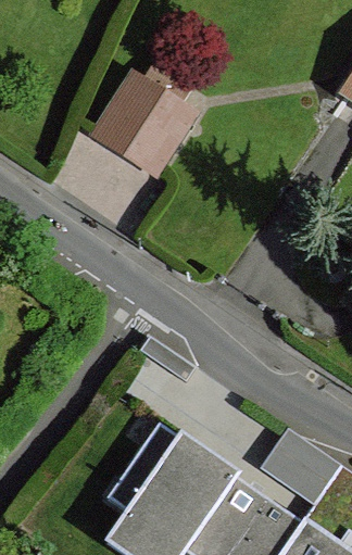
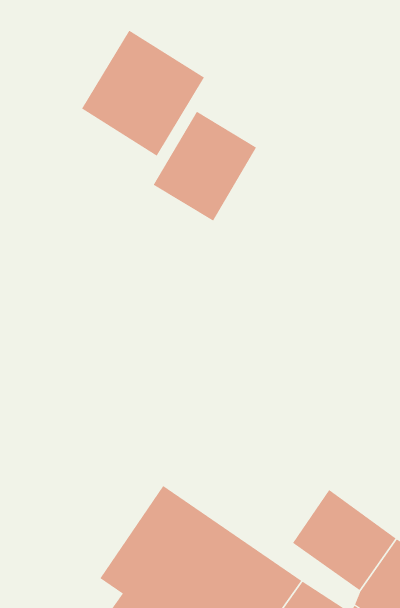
building: none -> [153,111,257,222]

